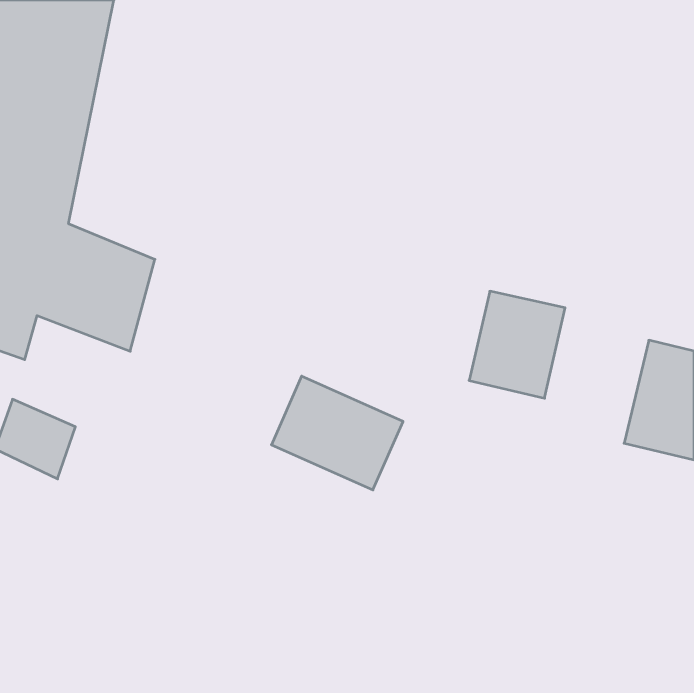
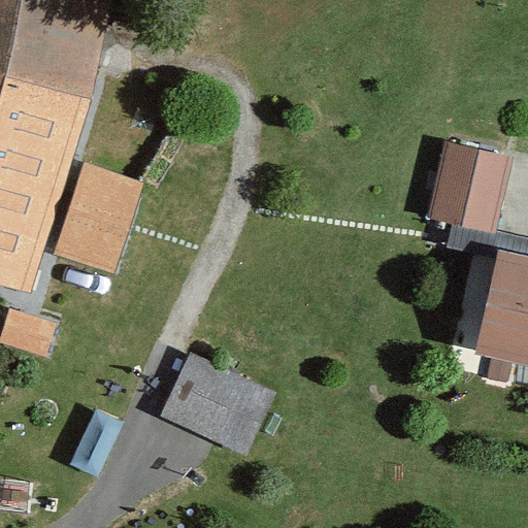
building: [469,291,565,398] -> [431,144,503,225]
building: [271,376,403,490] -> [168,366,267,452]

